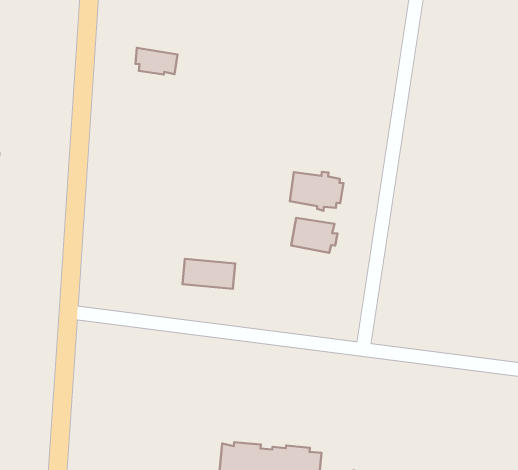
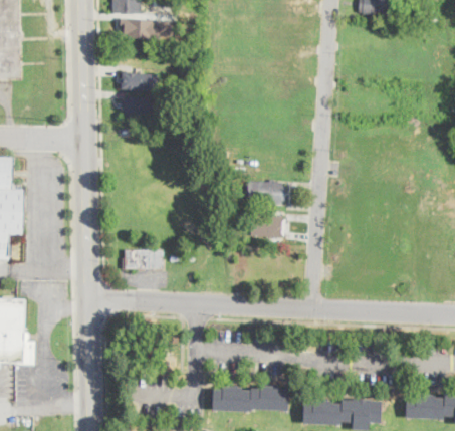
building: none -> [119,70,156,88]
building: [182,259,235,289] -> [125,249,163,268]

